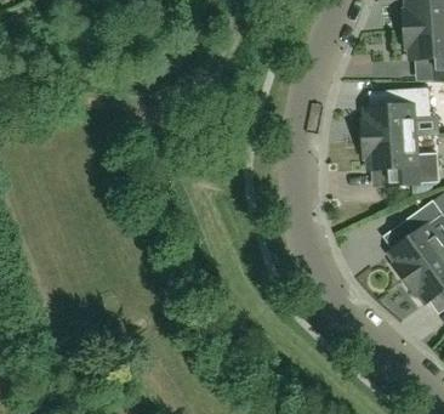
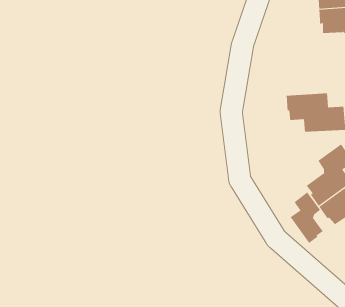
building: [362,87,431,140] -> none
building: none -> [290,191,323,244]

